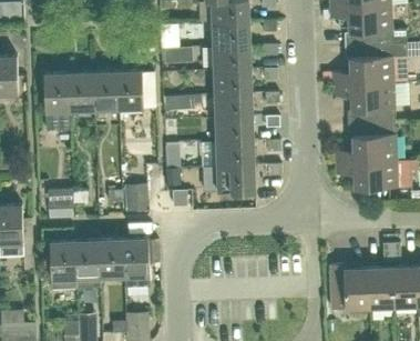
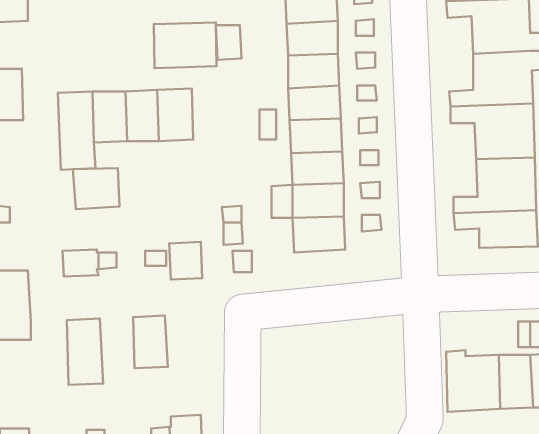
building: none -> [154,22,216,68]
building: none -> [73,168,119,209]
building: [122,239,150,288] -> none
building: [74,240,100,289] -> none

